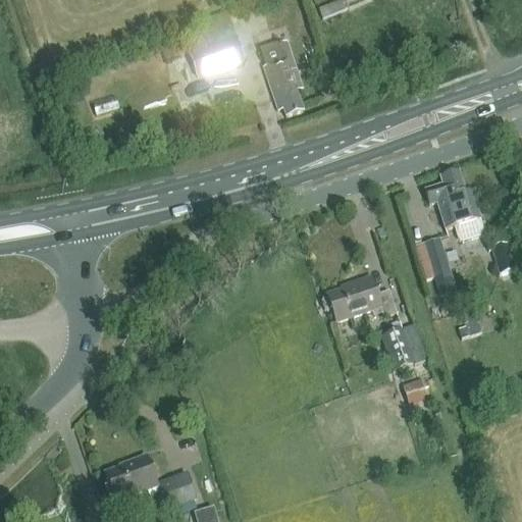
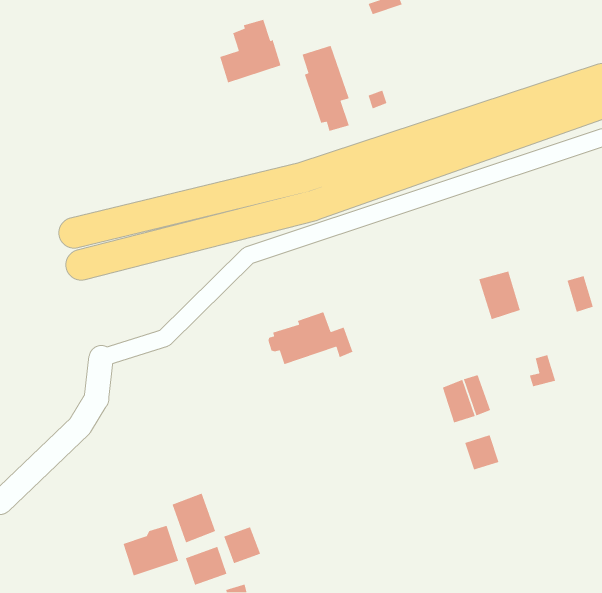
building: [427,169,483,232] -> none
building: [321,274,396,321] -> [267,311,353,365]
building: none -> [172,493,216,543]
building: none -> [223,526,261,564]

